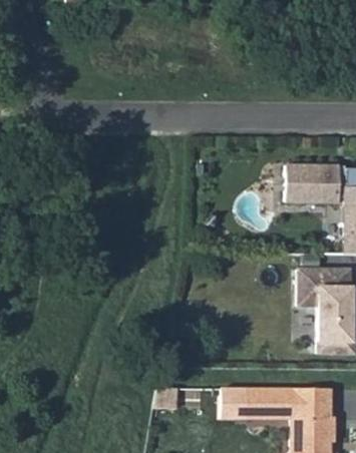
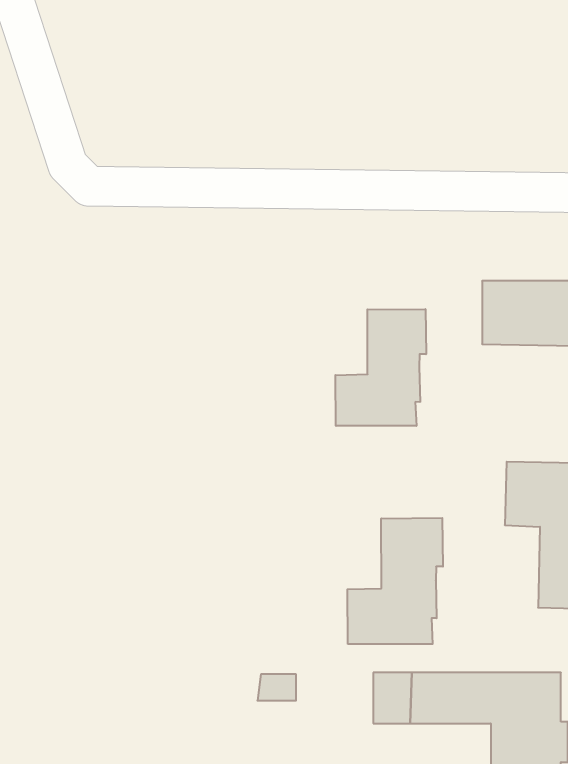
building: none -> [335,309,426,426]
building: none -> [347,518,443,644]

